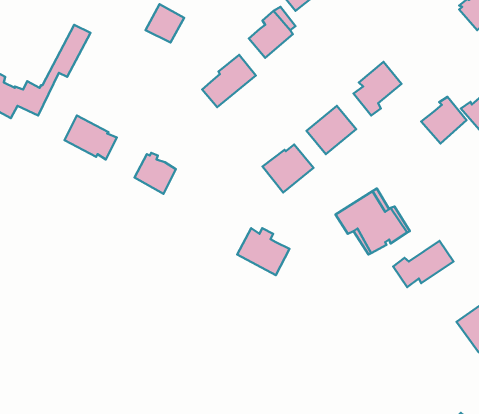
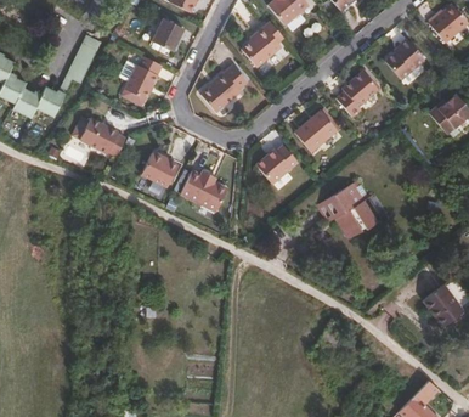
building: none -> [125,56,163,100]
building: [421,97,467,144] -> [383,38,423,79]
building: [237,228,290,275] -> [181,168,227,209]
building: [393,241,454,287] -> none

